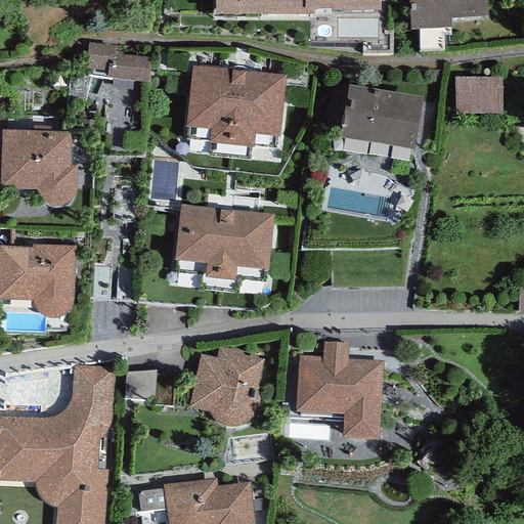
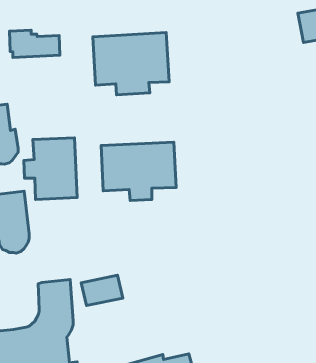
building: [340,85,424,151] -> none
building: none -> [24,138,77,199]
building: [295,341,382,440] -> none
building: [189,345,263,427] -> none

